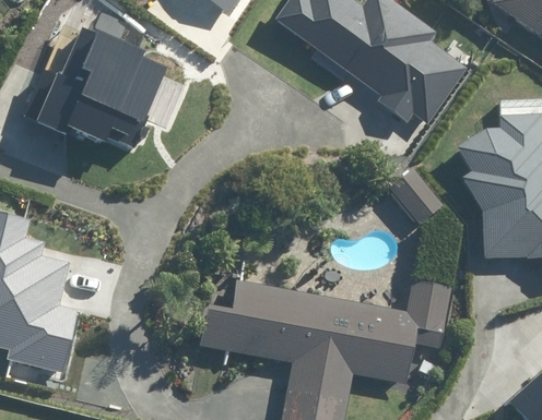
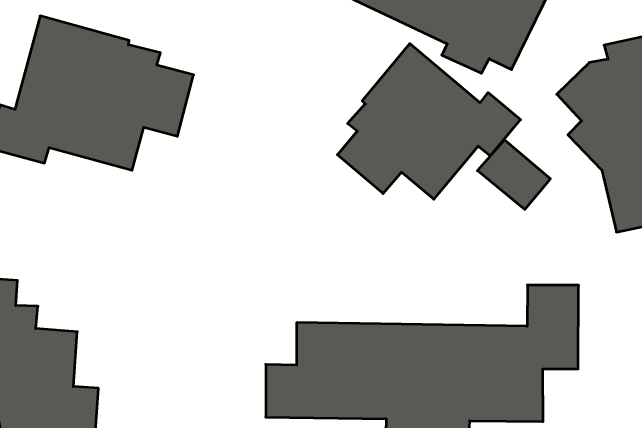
building: none -> [337,44,521,199]

